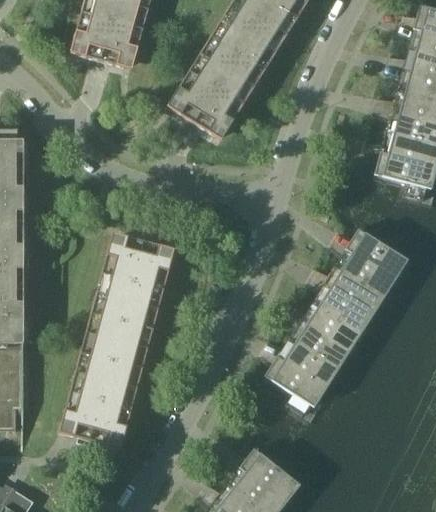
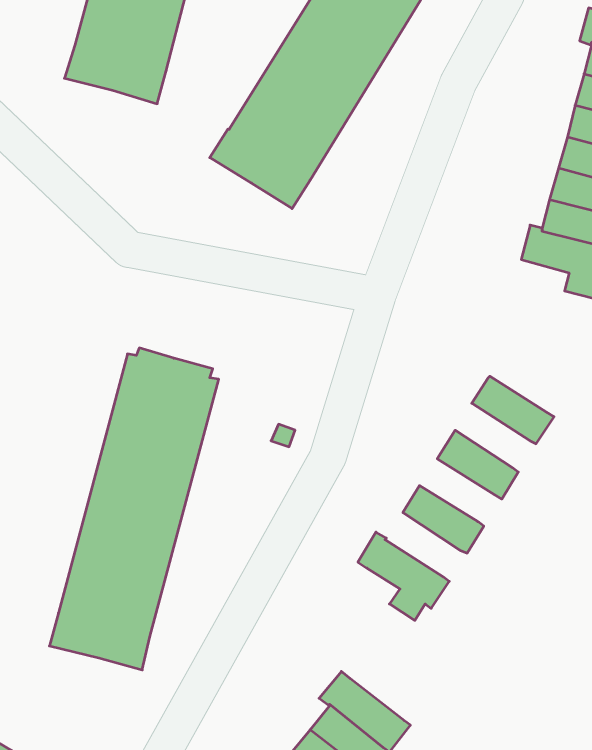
building: [347,229,409,279] -> none
building: [331,270,385,316] -> none
building: [307,307,362,352] -> none
building: [284,343,339,389] -> none

